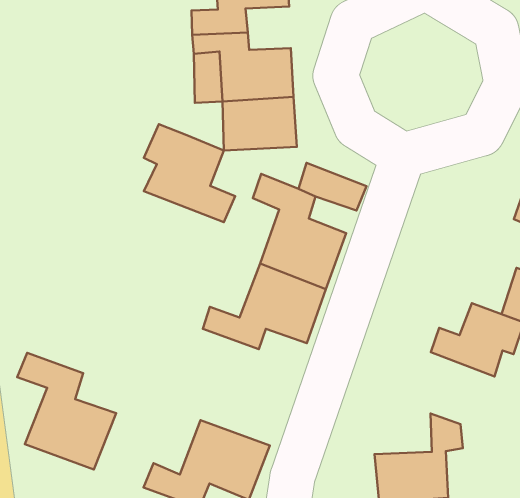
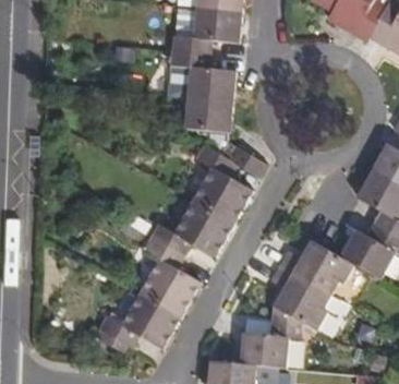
building: [144,124,235,222] -> none
building: none -> [281,275,327,332]
building: [17,353,116,469] -> [140,237,200,316]

